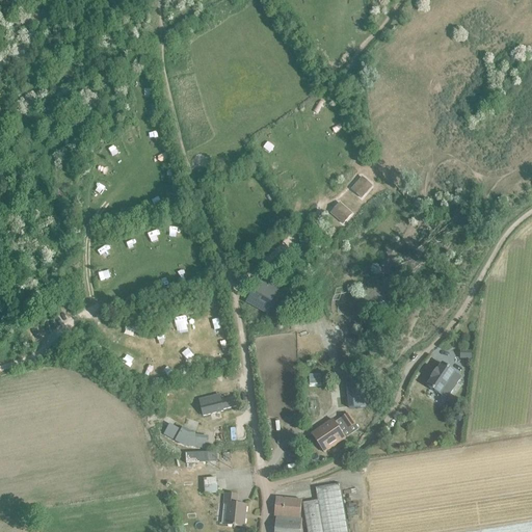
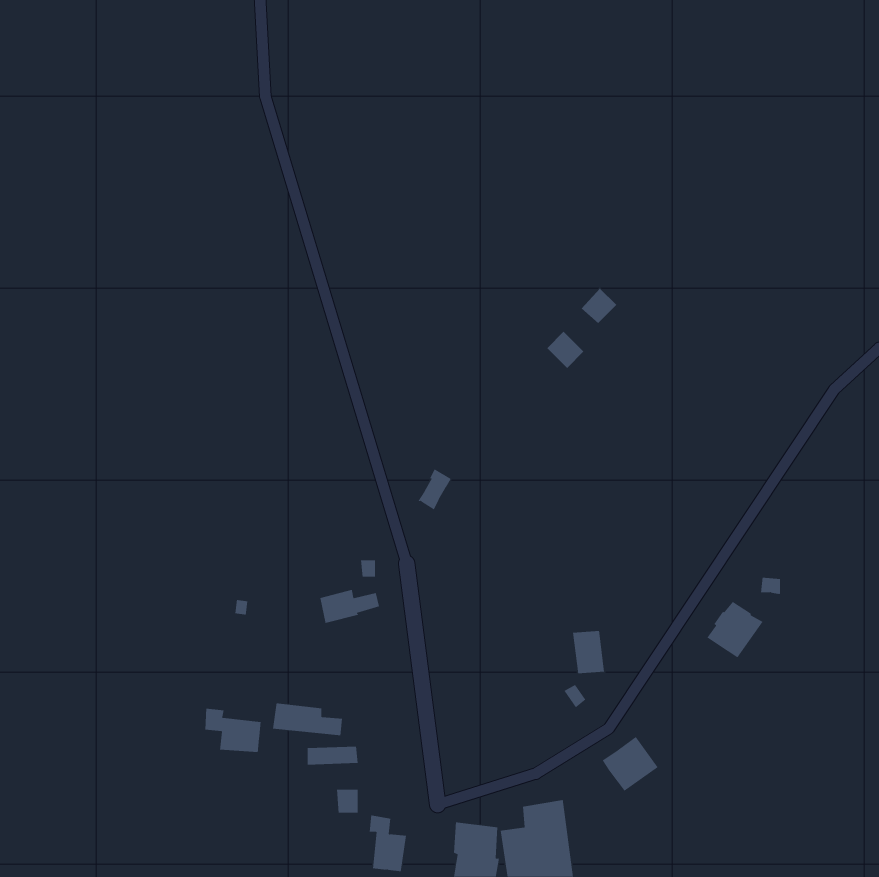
building: [198,394,235,415] -> [320,589,380,624]
building: [310,418,344,451] -> [602,736,659,791]
building: none -> [205,708,261,753]

